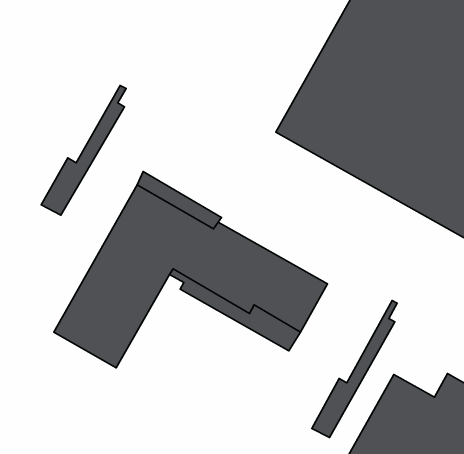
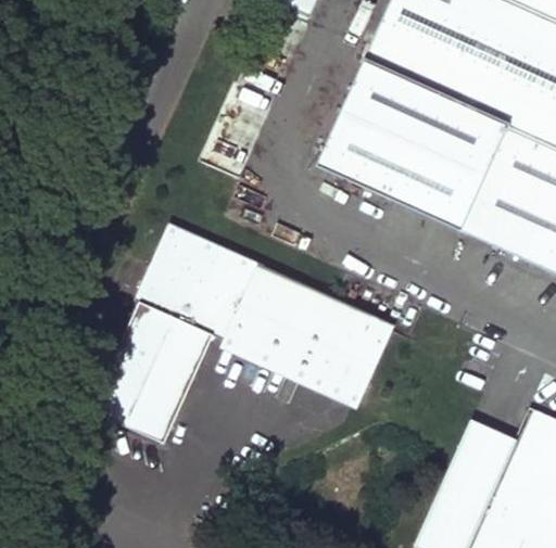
building: [41,85,126,215] -> none
building: [312,300,397,437] -> none

